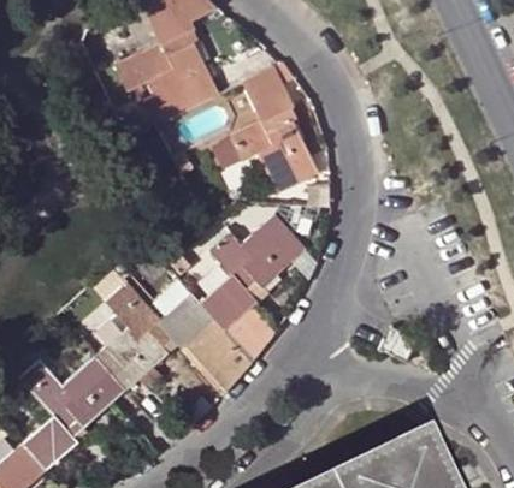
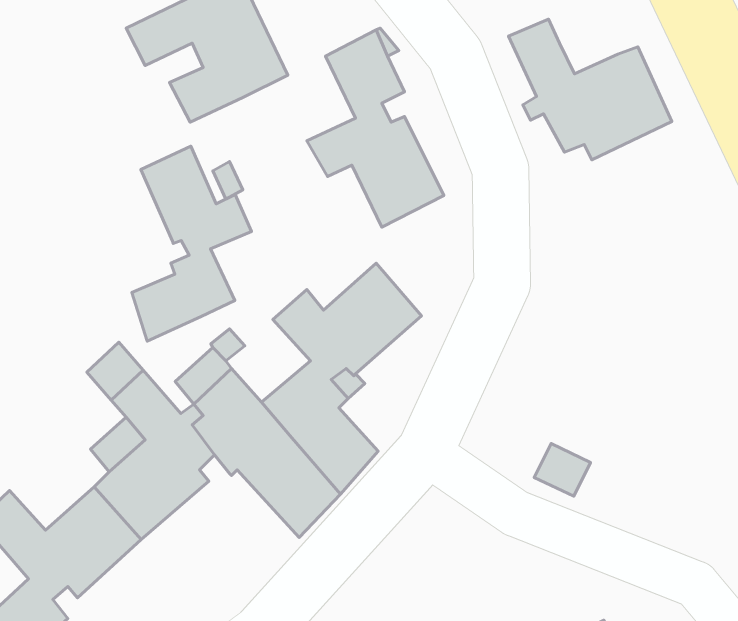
building: none -> [508,19,672,160]
building: none -> [132,146,251,341]

